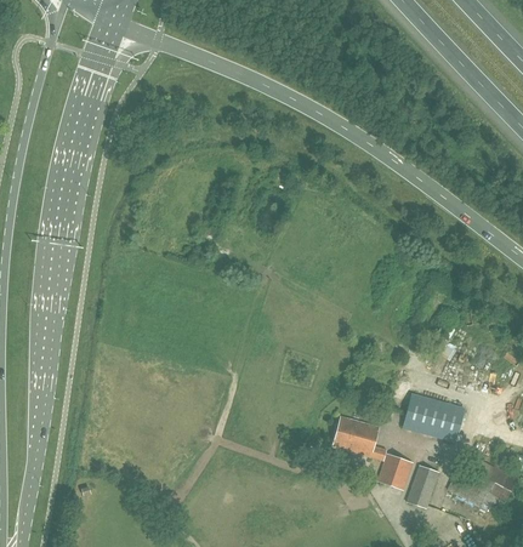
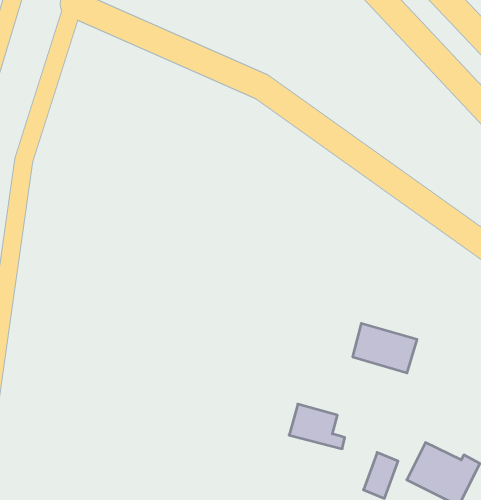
building: [402,393,465,441] -> [353,323,417,373]
building: [377,454,413,491] -> none

